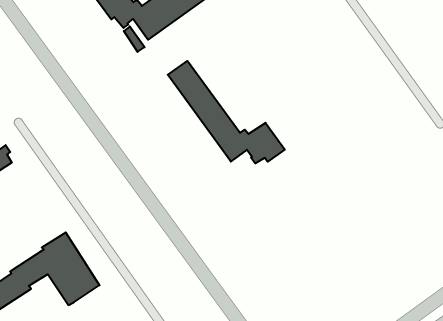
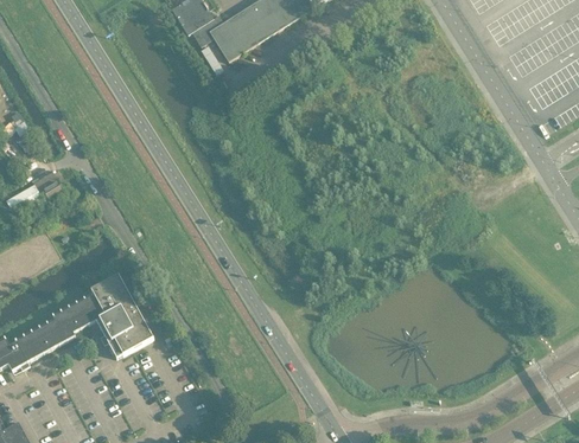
building: [168,61,285,163] -> none

